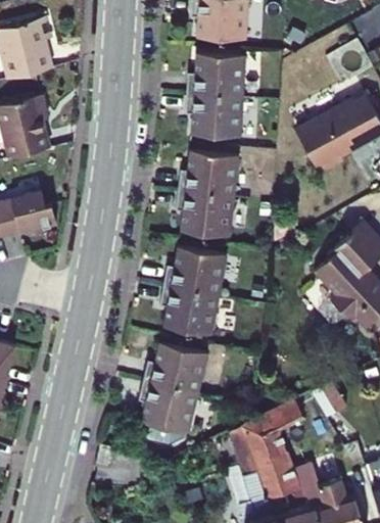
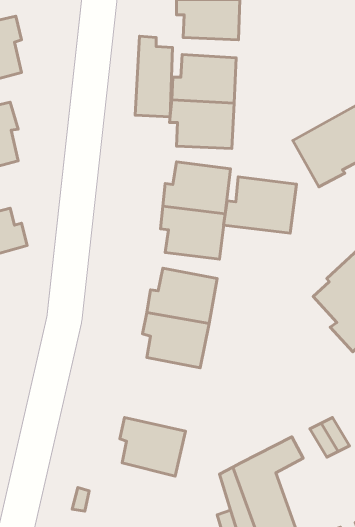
building: none -> [135,36,173,117]
building: none -> [224,177,296,233]
building: [144,342,208,393] -> none

